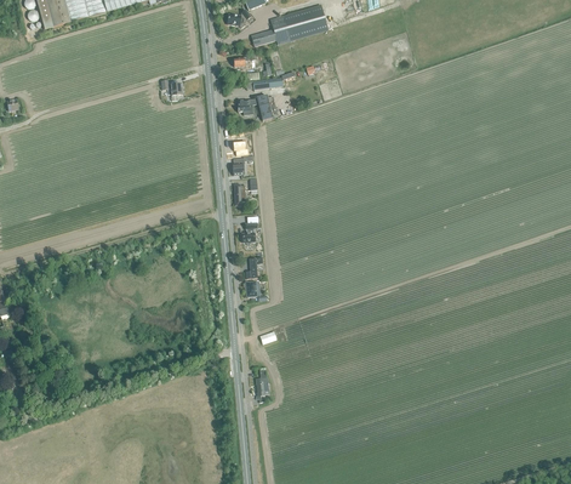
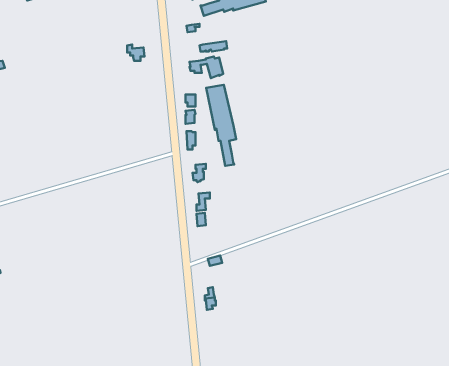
building: none -> [206,85,236,166]

